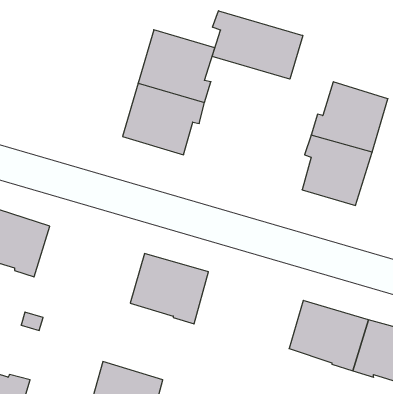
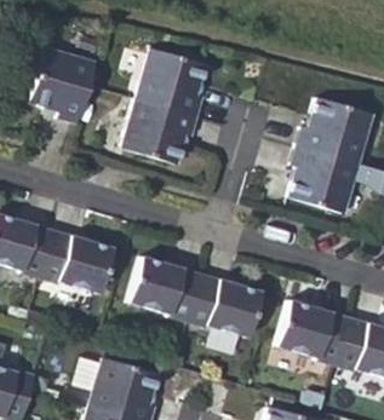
building: [212,11,303,79] -> none
building: none -> [31,46,98,123]
building: none -> [40,230,115,293]
building: none -> [189,272,263,336]

